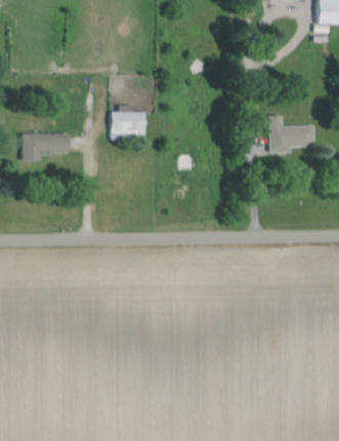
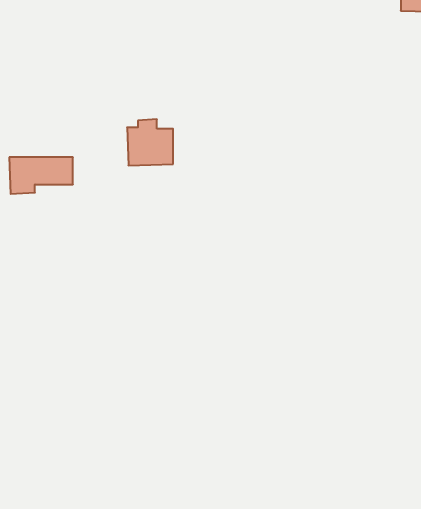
building: [268,116,313,155] -> none

